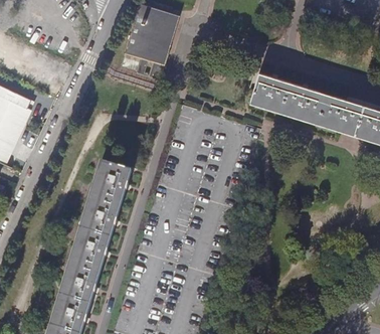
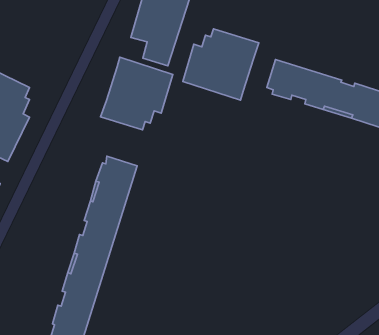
building: none -> [183,29,259,100]
building: none -> [101,57,173,130]

